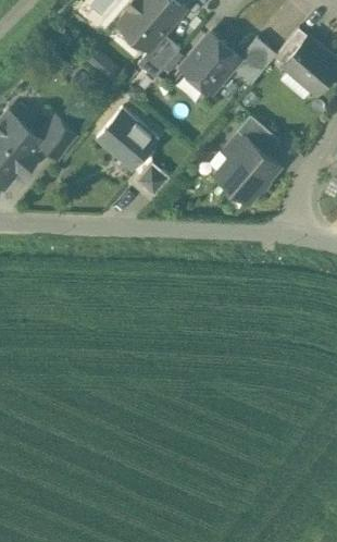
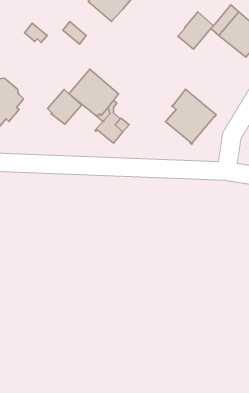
building: [182,33,240,93] -> none
building: [137,34,180,78] -> none
building: [237,115,280,156] -> none
building: [34,116,76,160] -> [48,89,82,124]

